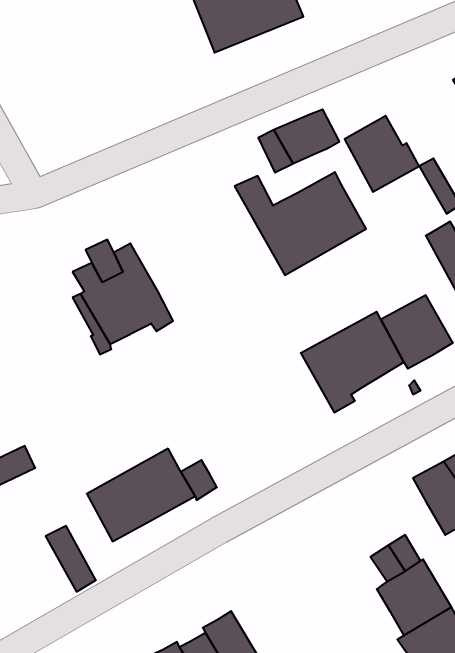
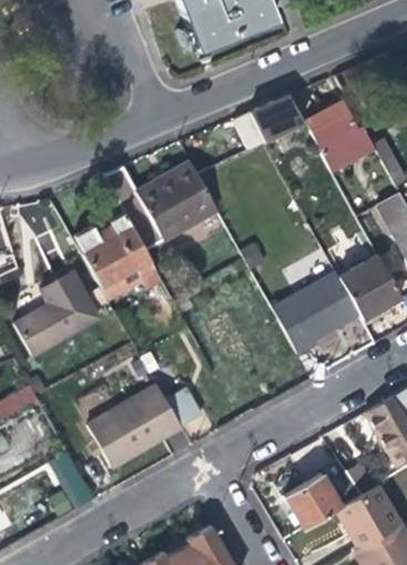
building: [235,172,366,275] -> [105,163,217,252]
building: none -> [20,271,101,355]
building: none -> [283,472,340,526]

